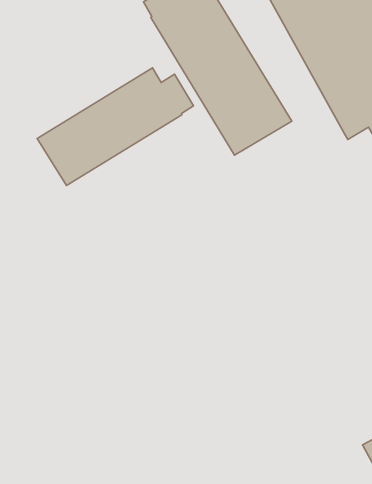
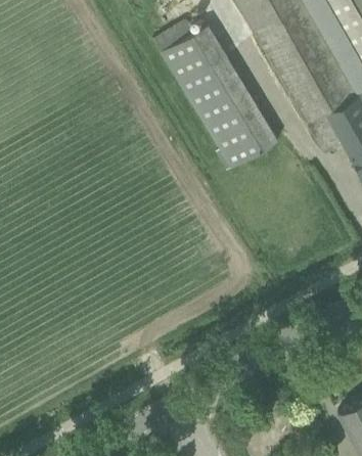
building: [37,68,194,185] -> none

